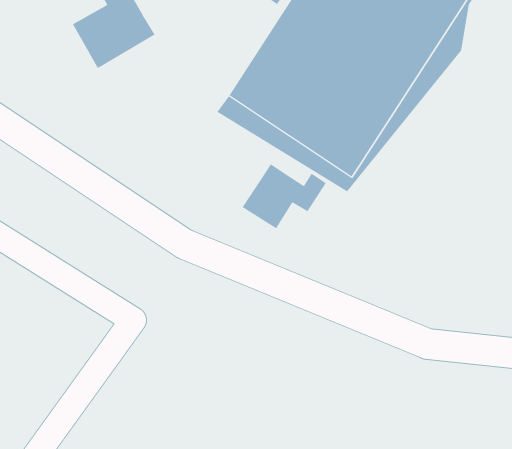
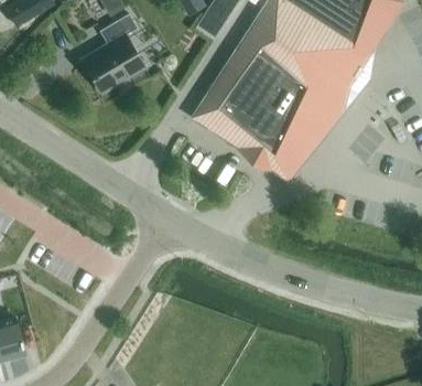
building: [242,163,326,229] -> none

